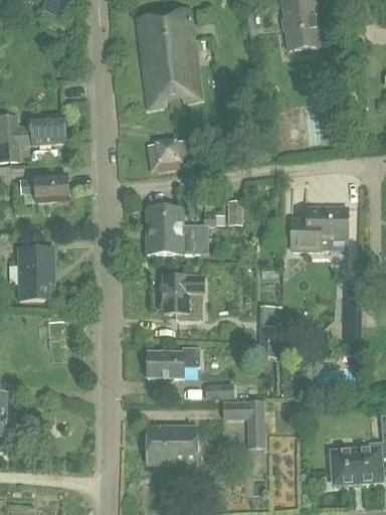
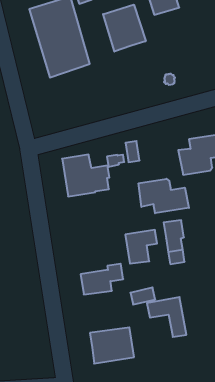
building: none -> [103,5,146,52]
building: [148,136,189,171] -> none
building: none -> [139,179,189,213]
building: [164,276,201,313] -> [125,230,157,264]

